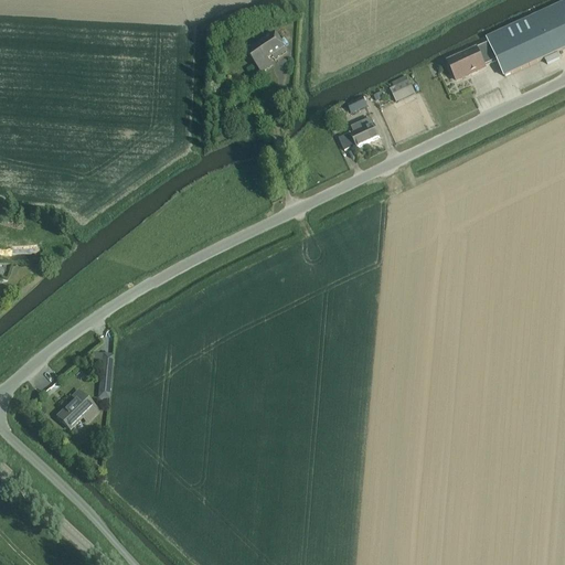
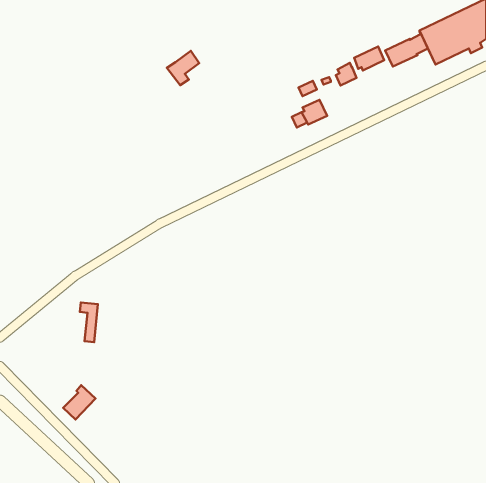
building: [246,30,284,70] -> [167,51,199,85]
building: none -> [354,47,384,70]
building: [57,388,95,428] -> [63,385,95,419]

